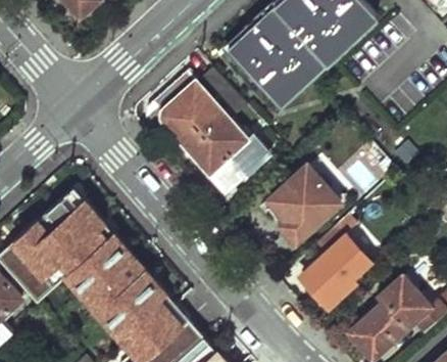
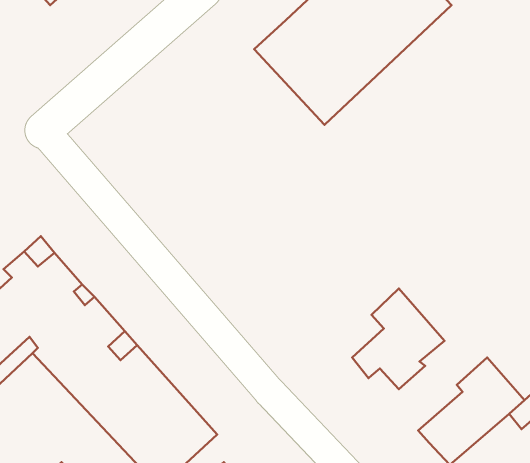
building: [146,72,269,192] -> none
building: [269,168,340,245] -> none

